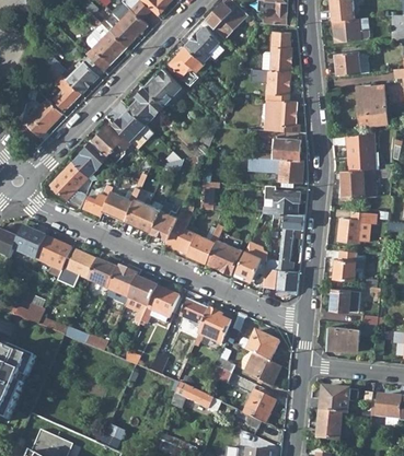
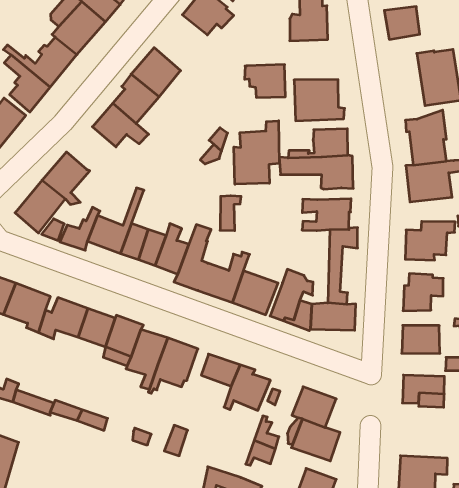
building: [166,45,204,77] -> none
building: [261,70,291,95] -> [245,65,285,97]
building: [90,125,129,164] -> none
building: none -> [234,121,279,184]

